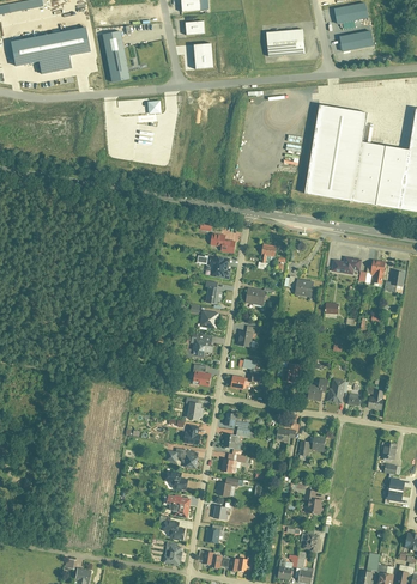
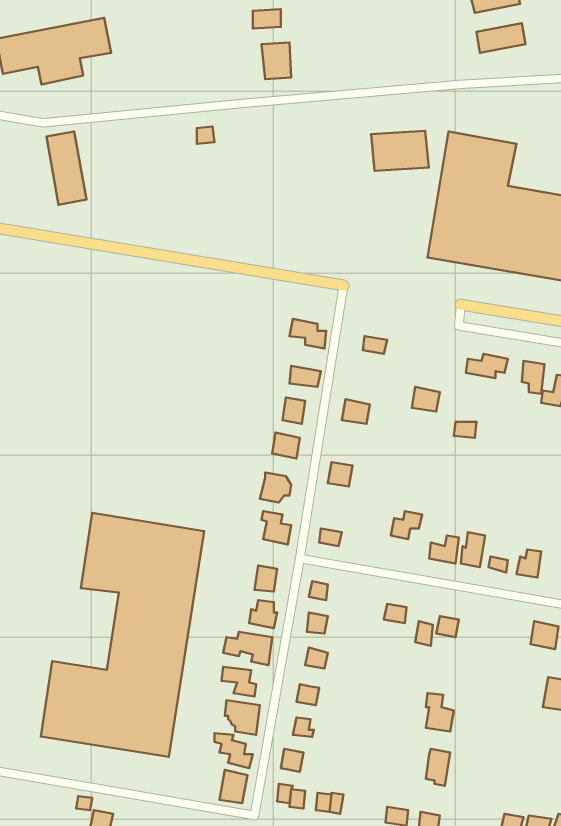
building: [265,29,304,56] -> [371,131,429,171]
building: [102,30,129,80] -> [46,131,87,205]
building: none -> [41,513,204,757]

